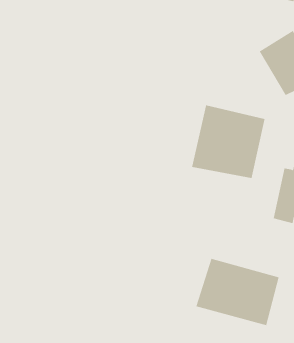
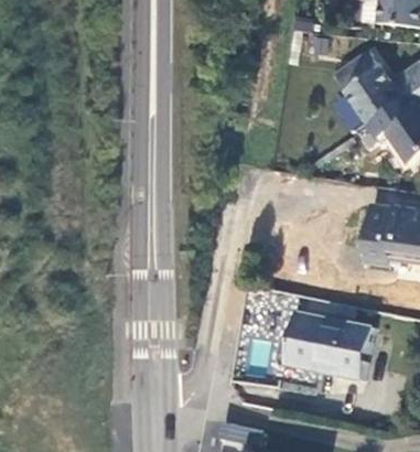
building: [192,104,265,179] -> none

